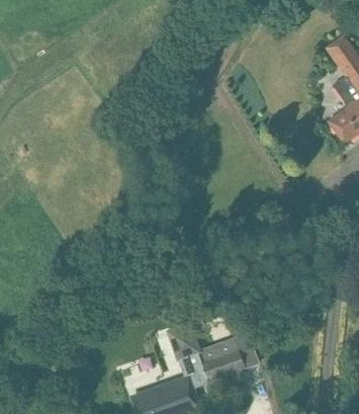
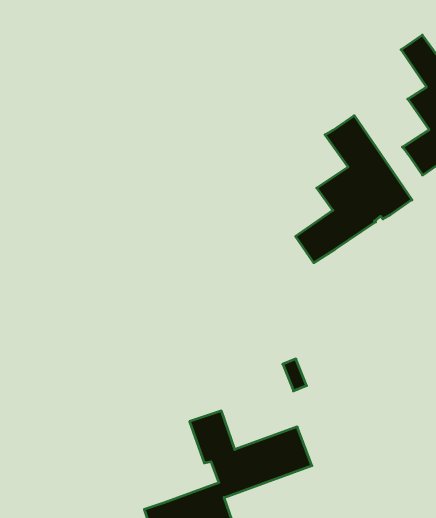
building: none -> [296,116,412,263]

